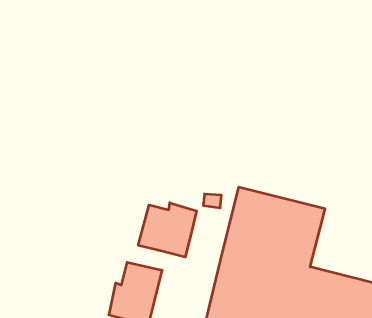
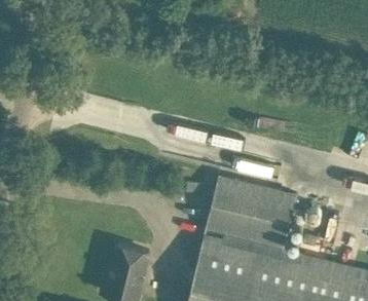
building: [138,203,197,257] -> none

